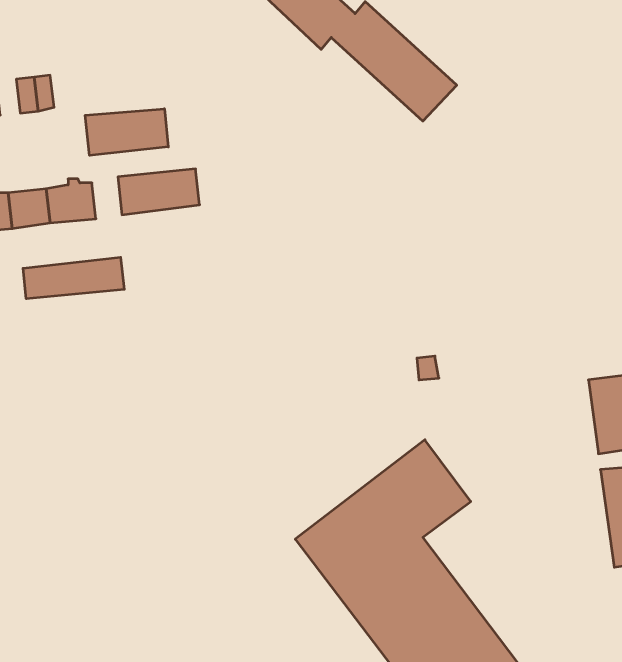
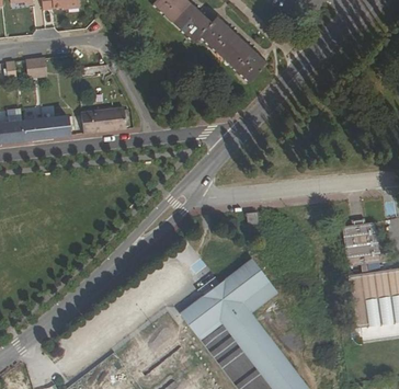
building: [85,109,168,155] -> none
building: [23,257,124,299] -> none

